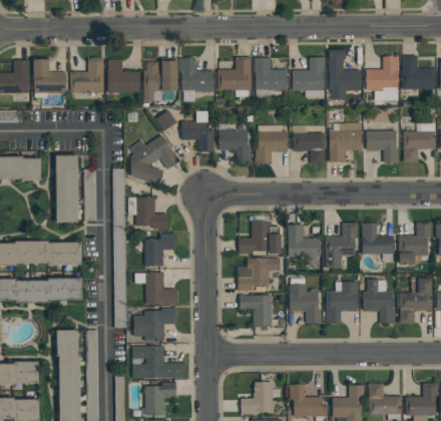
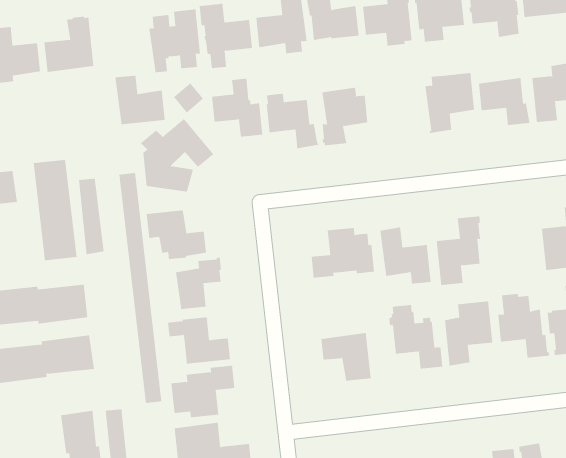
building: [107,59,139,92] -> [115,75,166,125]
building: [293,125,325,163] -> none
building: [361,223,394,260] -> none
building: [238,258,280,292] -> none

